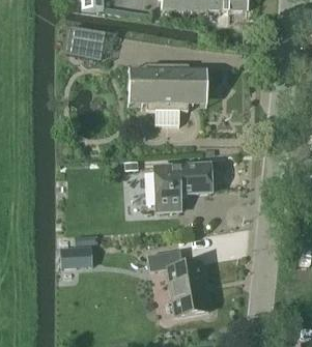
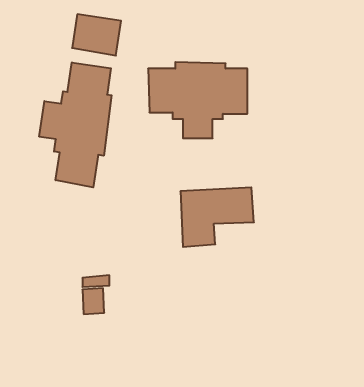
building: none -> [39,62,112,187]
building: [147,251,208,317] -> none

